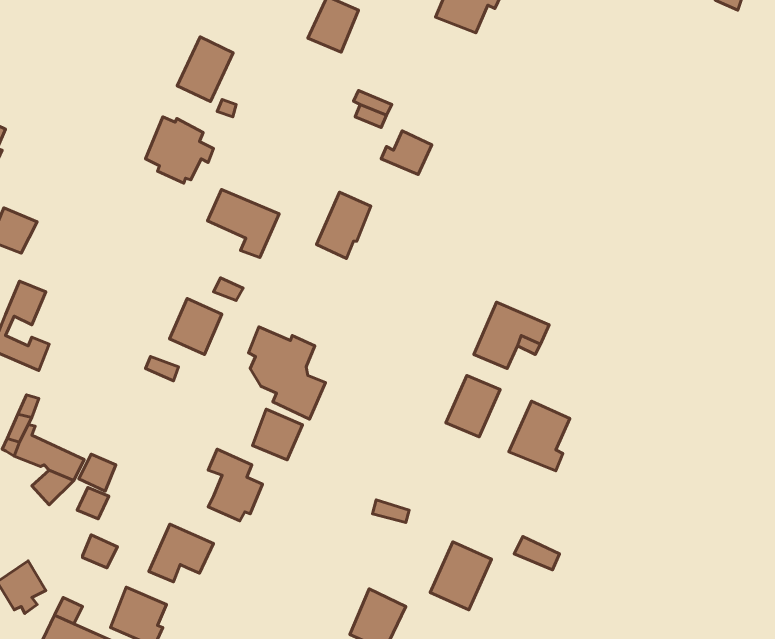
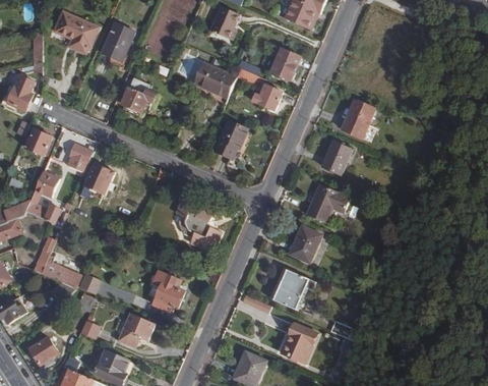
building: none -> [55,15,95,54]
building: [177,37,233,102] -> [102,22,134,60]
building: none -> [270,48,300,79]
building: none -> [344,100,374,134]
building: [207,189,279,258] -> [194,63,236,103]
building: none -> [322,142,351,174]
building: none -> [65,143,93,172]
building: [170,299,222,355] -> [82,162,113,195]
building: [509,401,570,471] -> [272,270,308,311]
building: [252,409,303,460] -> none

